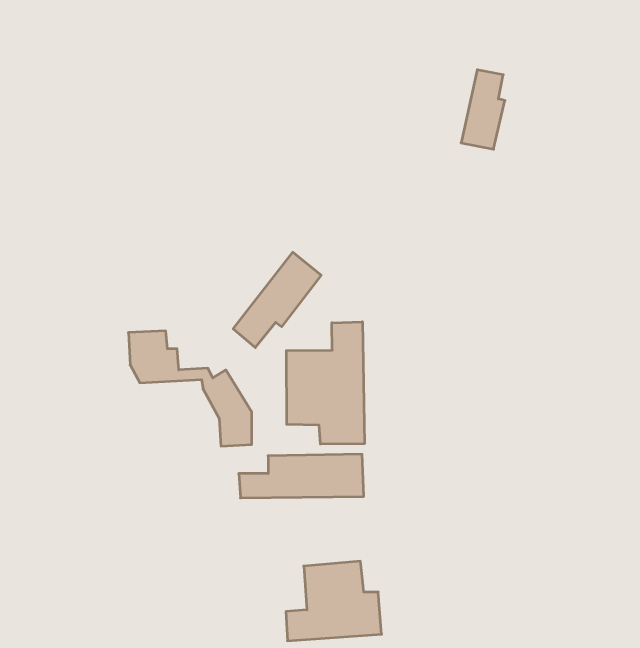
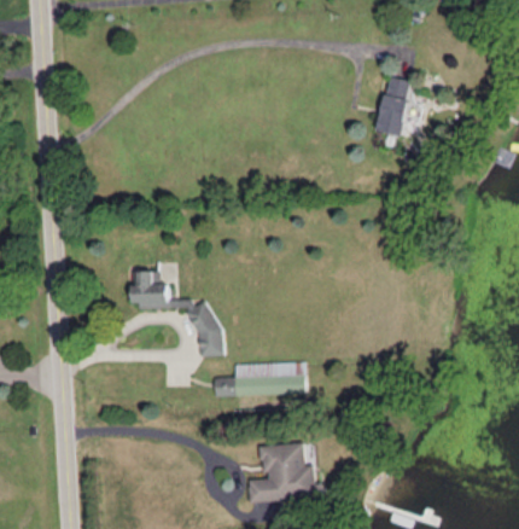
building: [233,252,321,348] -> none
building: [286,322,364,444] -> none

